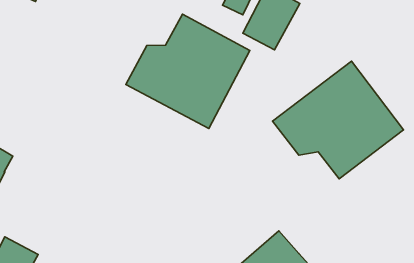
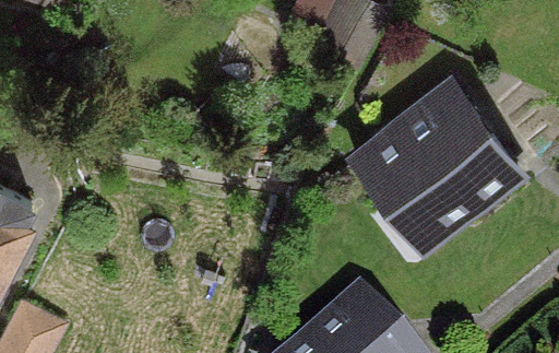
building: [126,14,250,128] -> none

